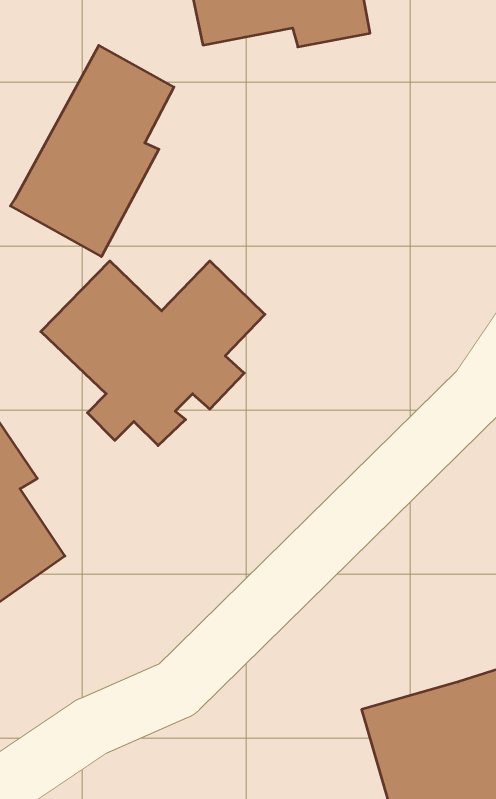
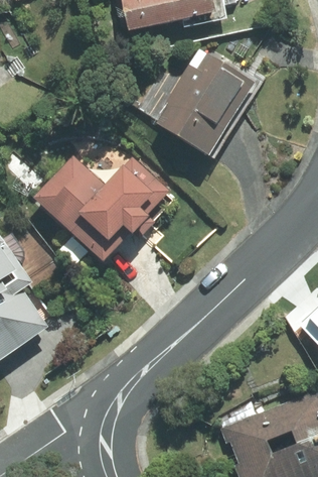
building: [10,45,174,257] -> none
building: none -> [138,45,262,158]

